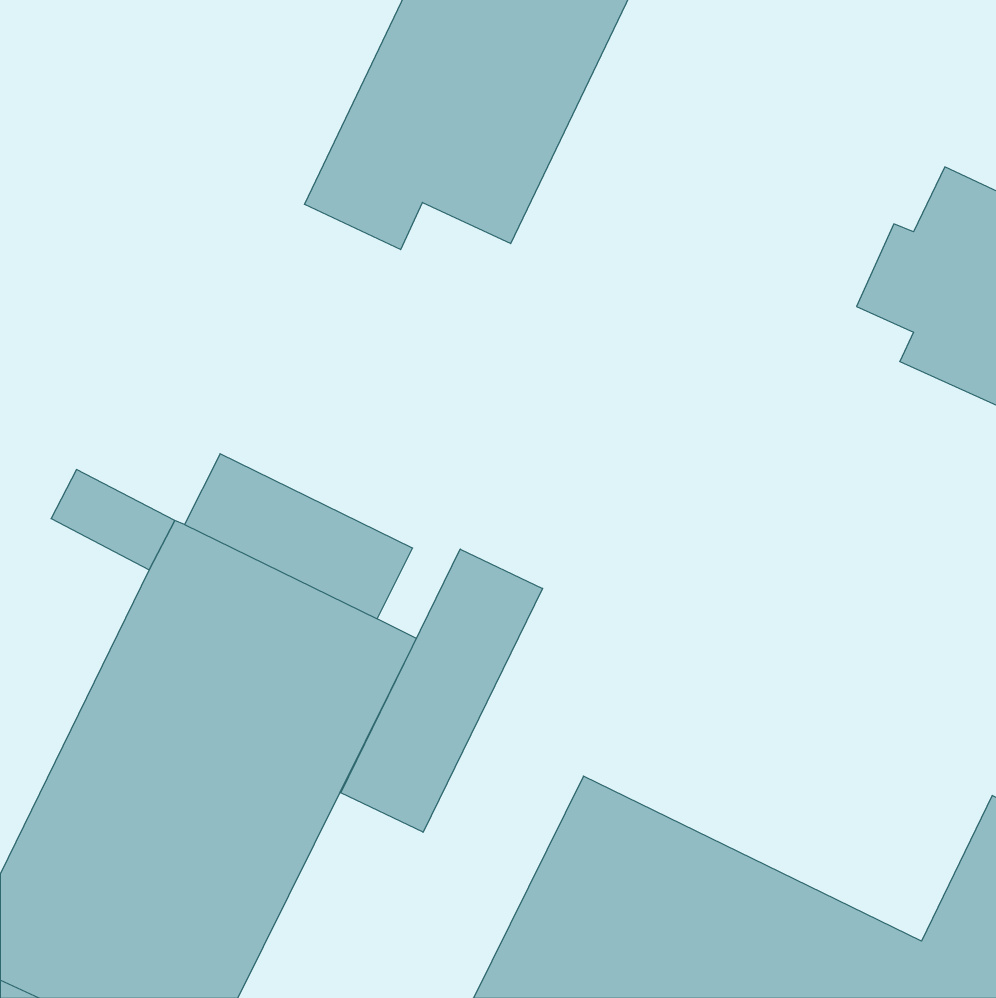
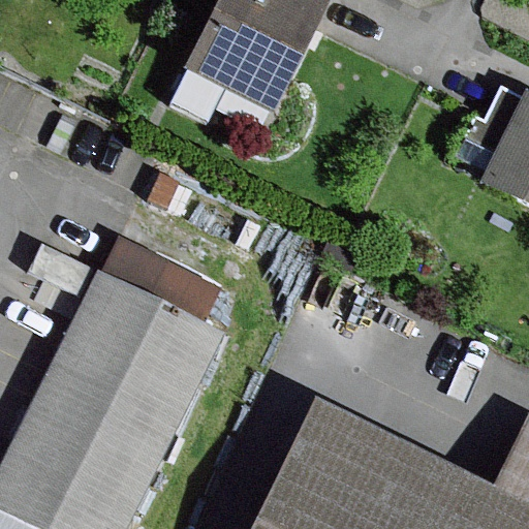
building: [341,549,543,832] -> none

